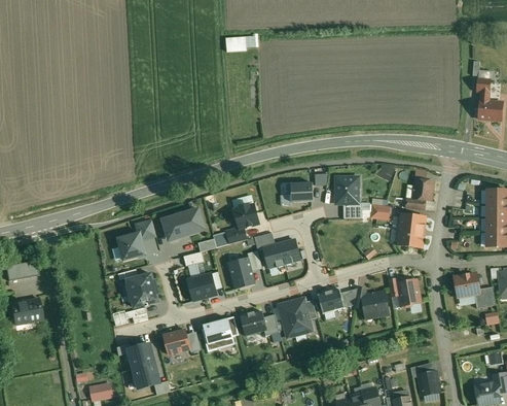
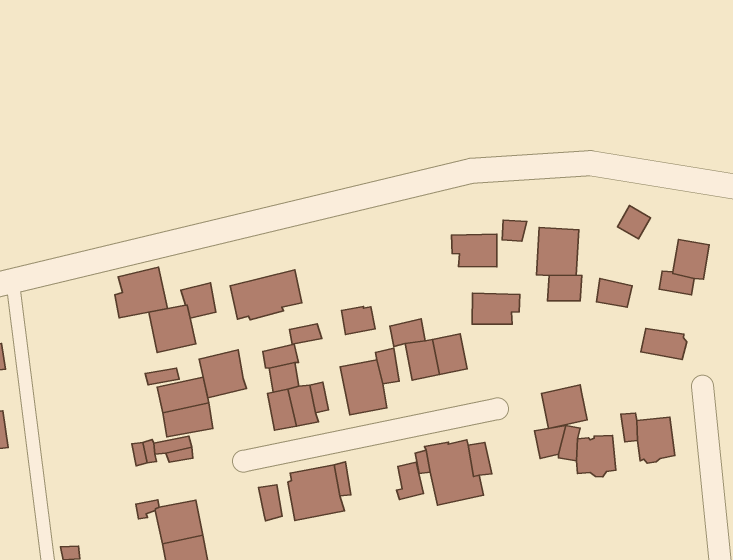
building: [233,203,258,228] -> none
building: none -> [115,267,168,318]
building: [399,213,425,232] -> none
building: none -> [472,293,520,324]
building: none -> [199,350,246,398]
building: [317,287,343,313] -> [542,385,587,429]
building: [240,310,266,335] -> none
building: [164,329,189,353] -> none

